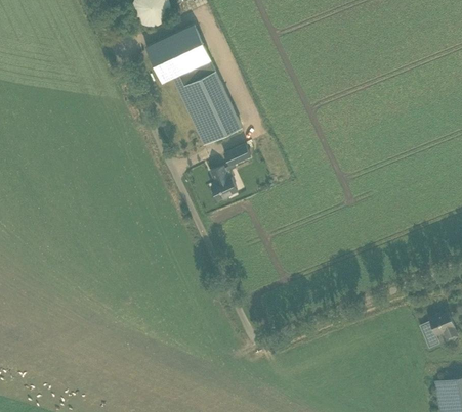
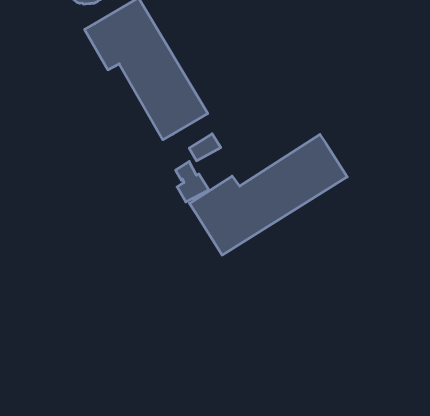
building: none -> [189,134,347,255]

